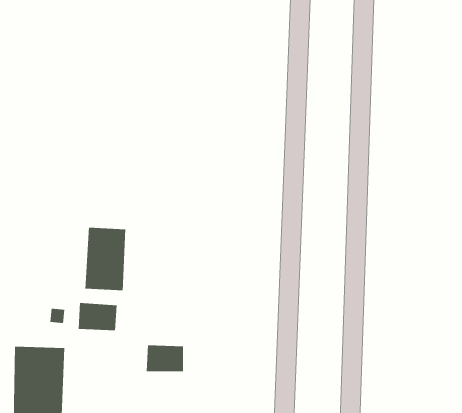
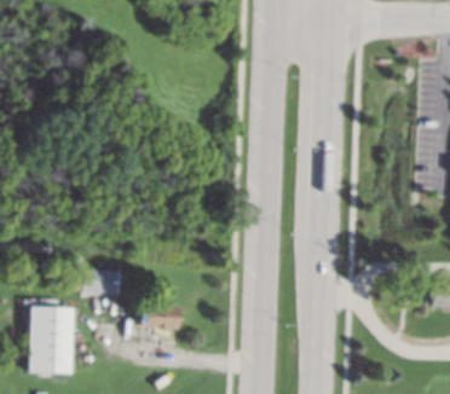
building: [85,227,126,291] -> none

